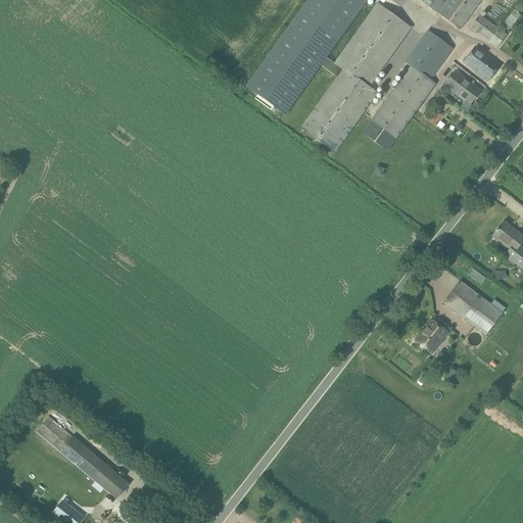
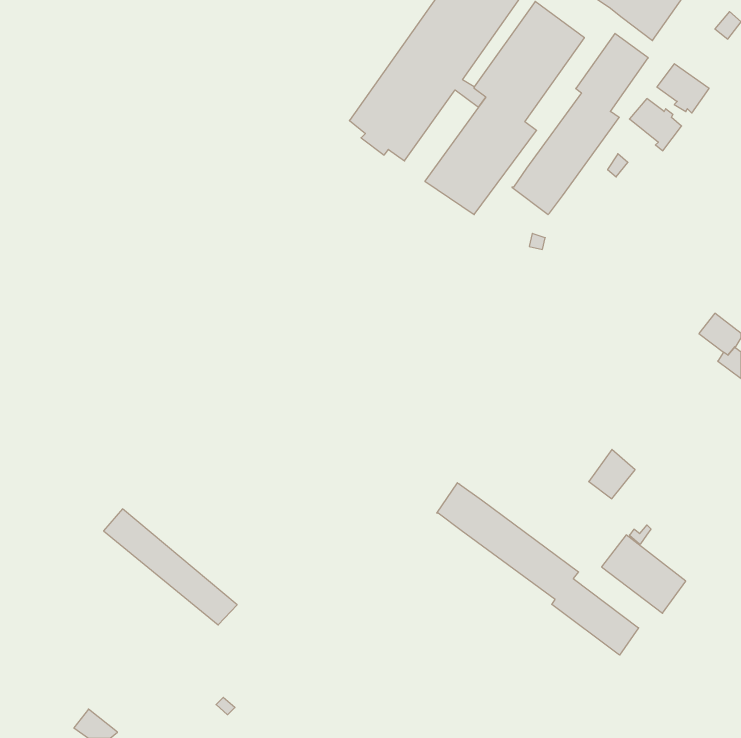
building: [470,13,507,46] -> none
building: [442,279,502,334] -> [602,535,686,613]
building: none -> [437,483,639,655]
building: [35,415,129,496] -> [104,509,237,625]

